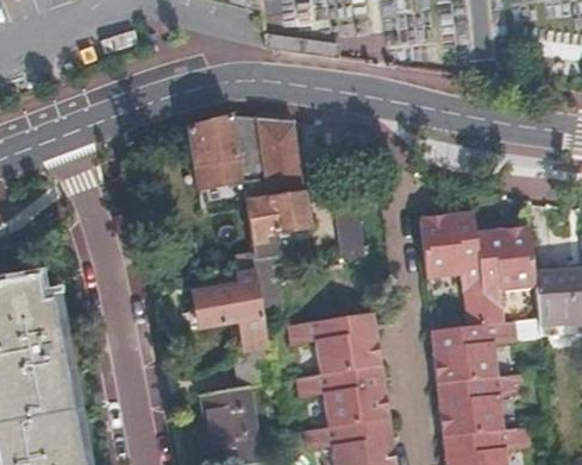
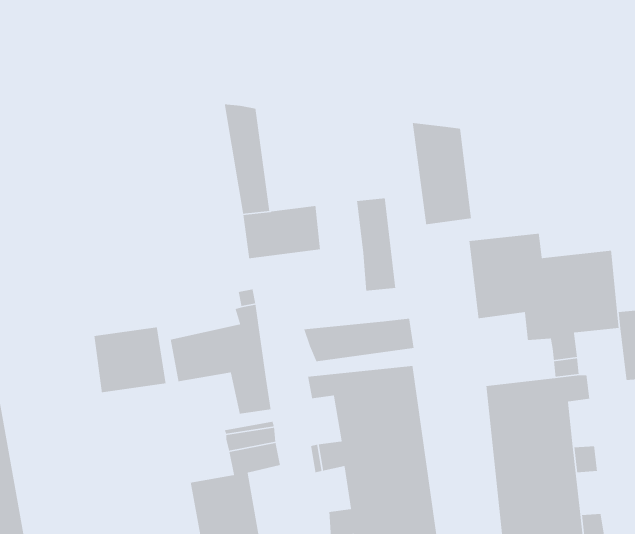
building: [186,113,240,184] -> none
building: [255,117,301,196] -> [412,122,472,225]
building: none -> [303,318,415,362]
building: none -> [93,327,167,393]

